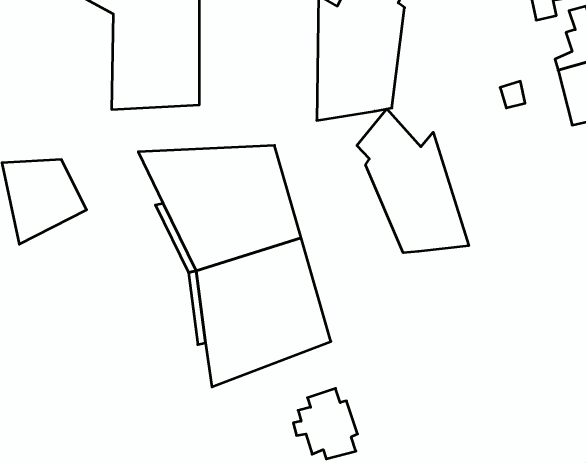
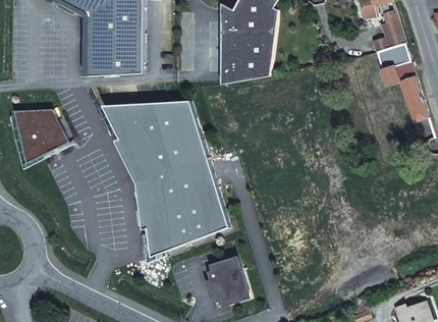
building: [357,109,469,253] -> none

